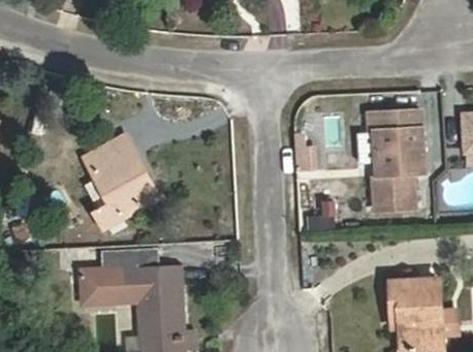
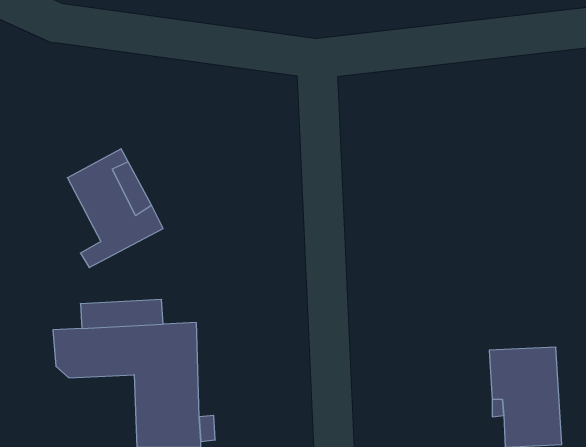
building: [368,109,423,210] -> none

